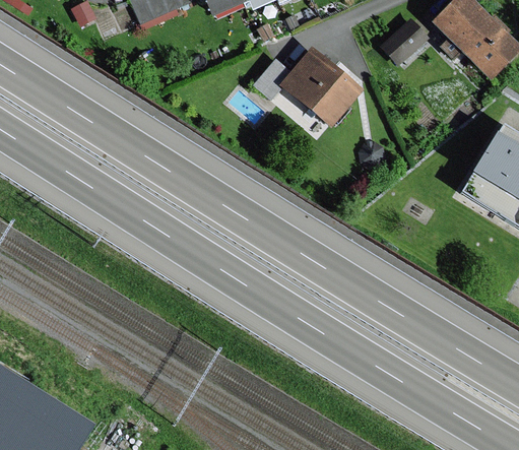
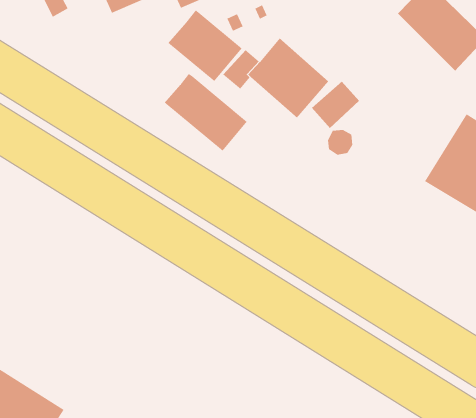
building: [380,16,430,65] -> [311,81,360,129]
building: none -> [167,9,243,82]
building: none -> [164,73,248,152]

